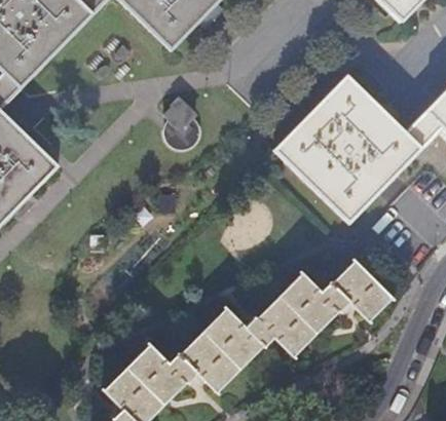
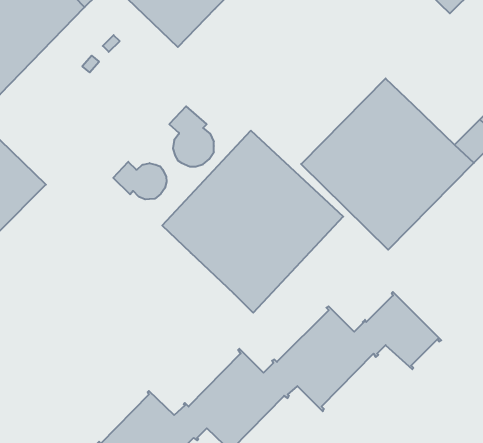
building: none -> [162,131,343,313]
building: none -> [113,162,167,199]

